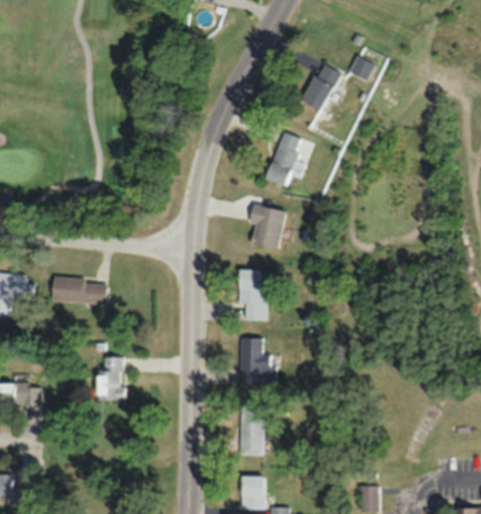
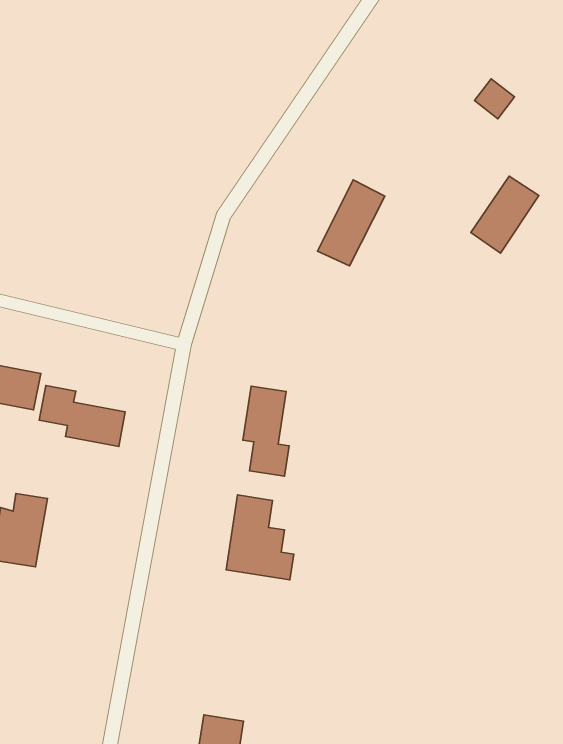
building: [302,64,340,112] -> [471,176,539,253]
building: [247,205,286,250] -> none
building: none -> [39,385,125,447]
building: [241,406,264,457] -> none

